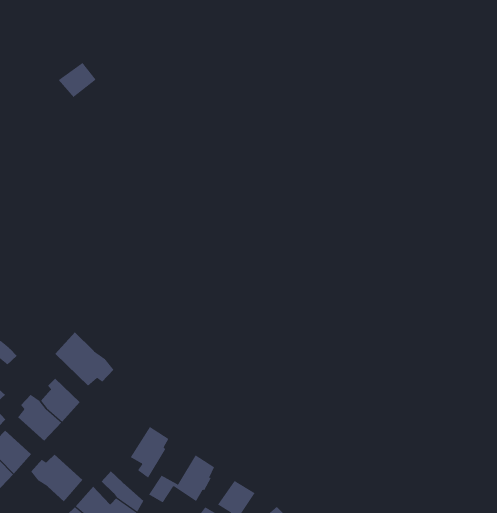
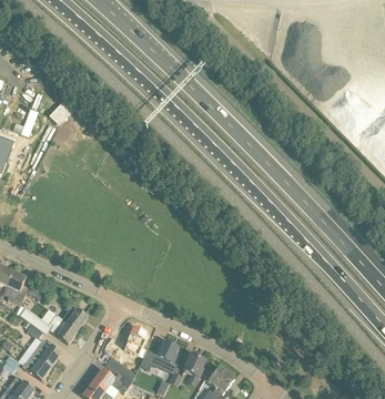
building: [55,332,114,386] -> none
building: [30,454,83,502] -> none

